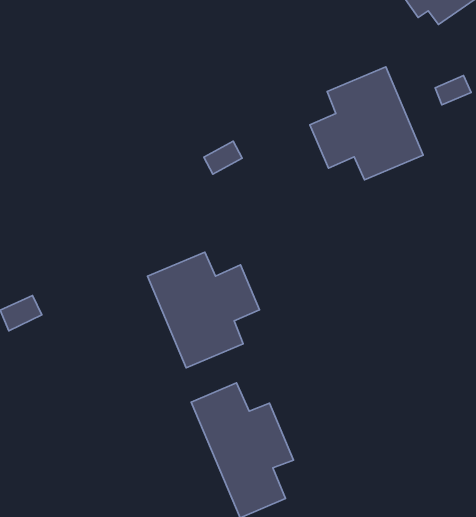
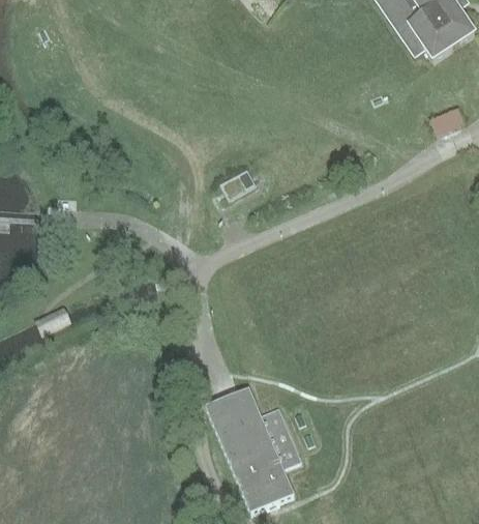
building: [310,67,423,180] -> none
building: [148,252,260,368] -> none

